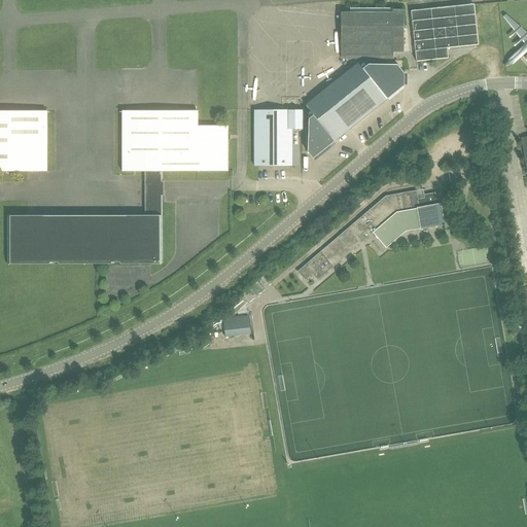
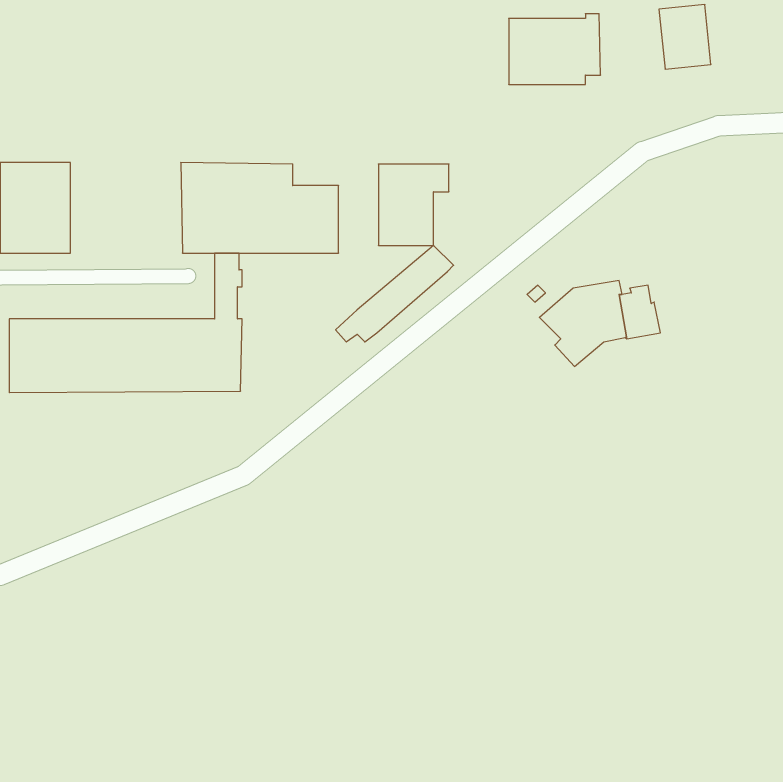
building: [411,6,448,60] -> none
building: [306,59,403,159] -> none
building: [297,214,377,279] -> [336,245,454,342]
building: [222,315,250,336] -> none

